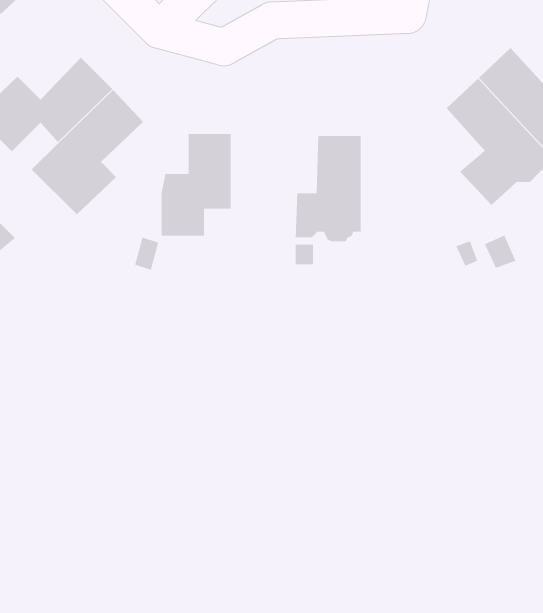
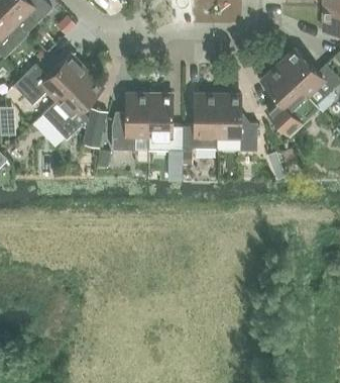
building: none -> [148,95,183,151]
building: none -> [217,96,256,151]
building: none -> [82,109,106,148]

